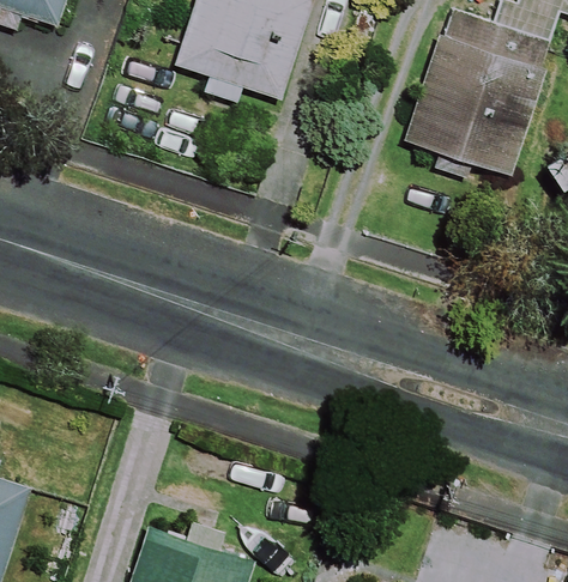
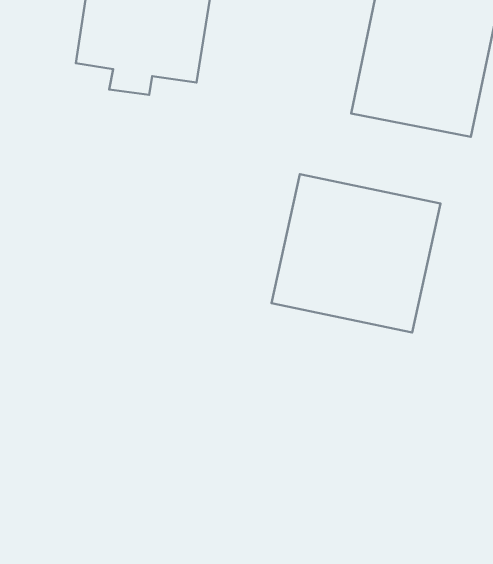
building: none -> [272,174,441,332]

